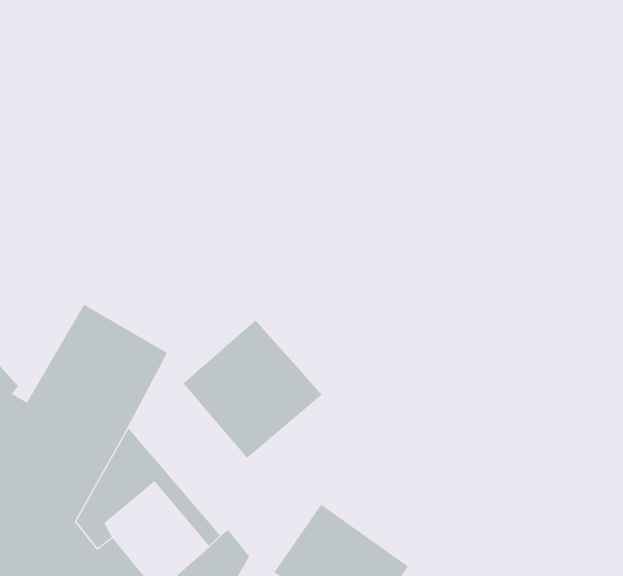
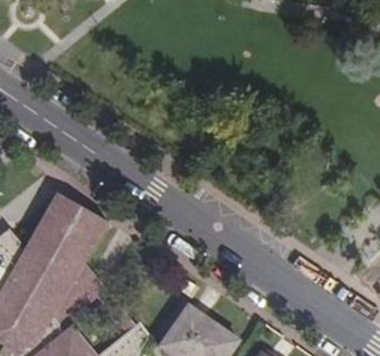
building: [182,319,323,459] -> none

